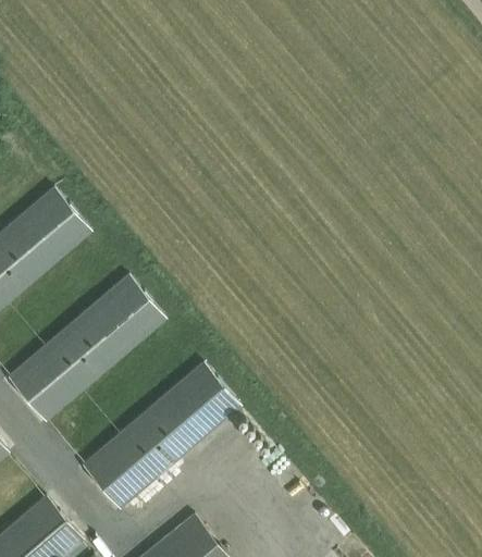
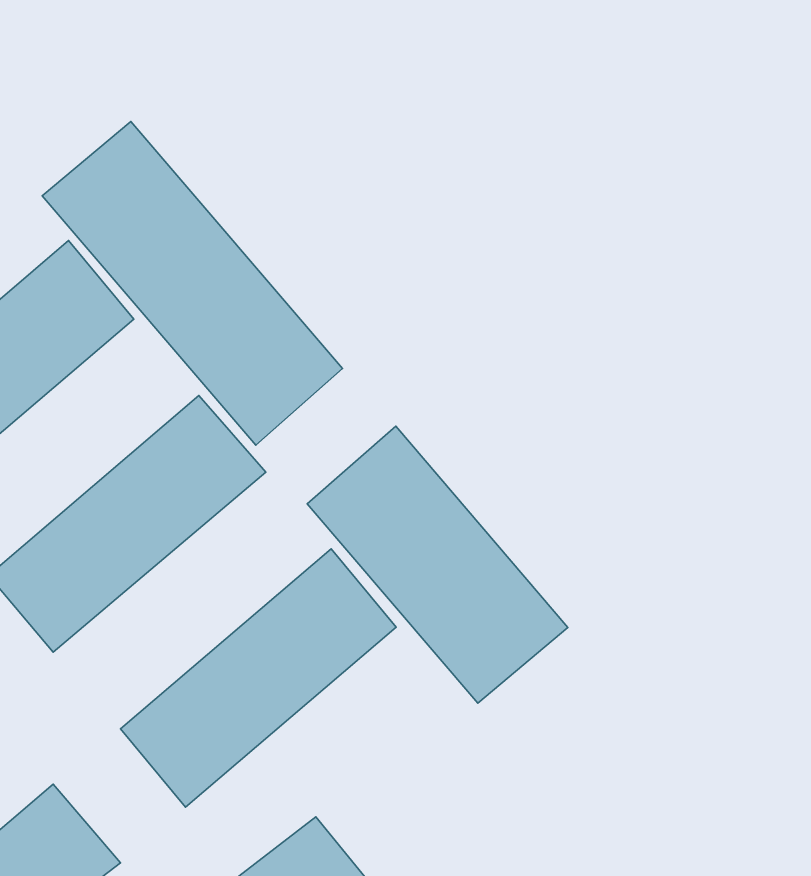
building: none -> [42,122,343,445]
building: none -> [307,426,568,703]

